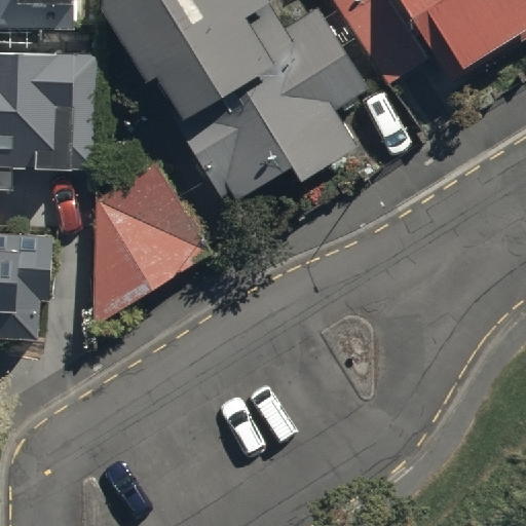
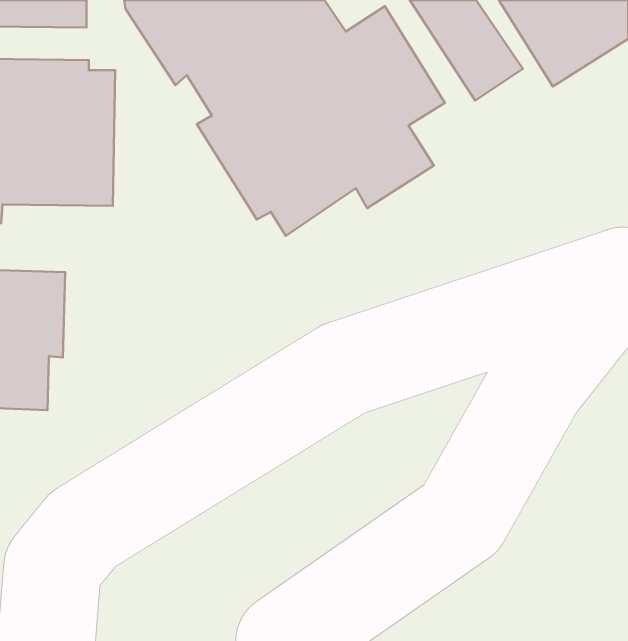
building: [91,164,209,327] -> none

